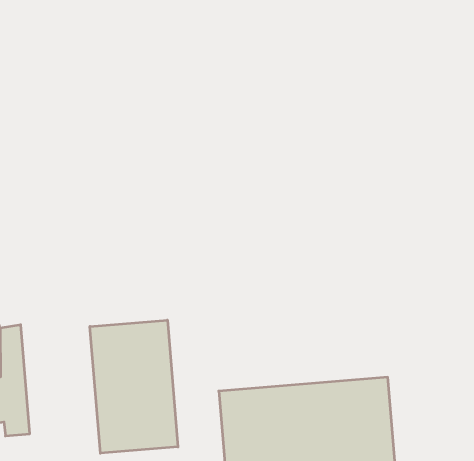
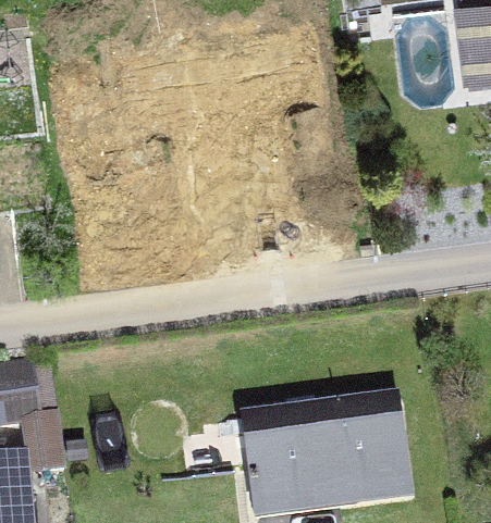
building: [90,320,178,453] -> none

